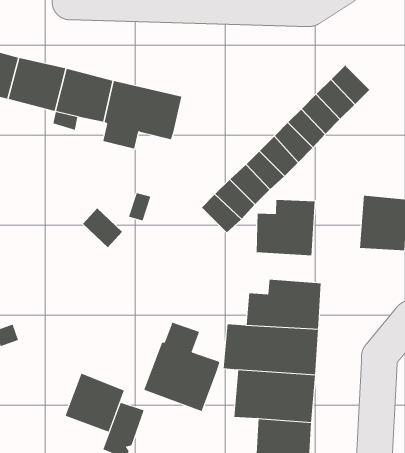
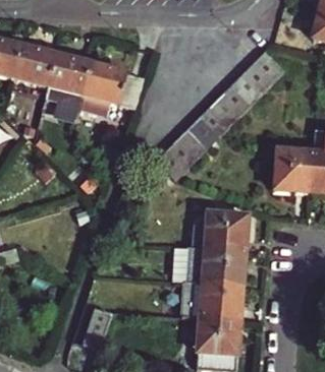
building: [256,199,315,256] -> none
building: [143,322,220,412] -> none
building: [65,373,124,432] -> none

